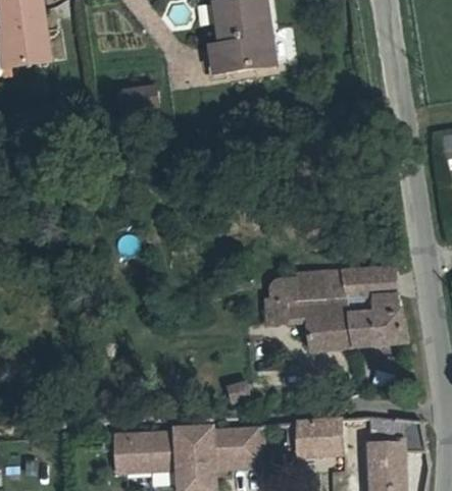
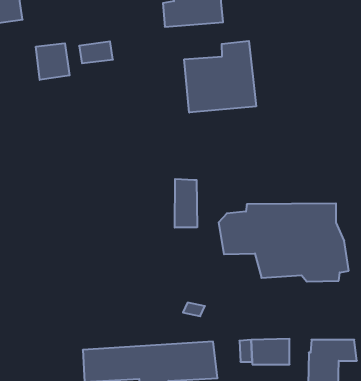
building: none -> [184,41,256,113]
building: none -> [36,43,70,80]
building: none -> [175,179,197,228]

